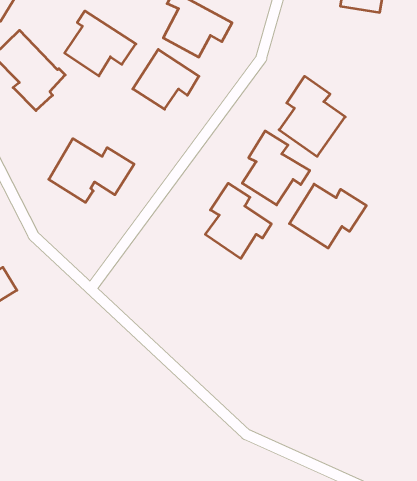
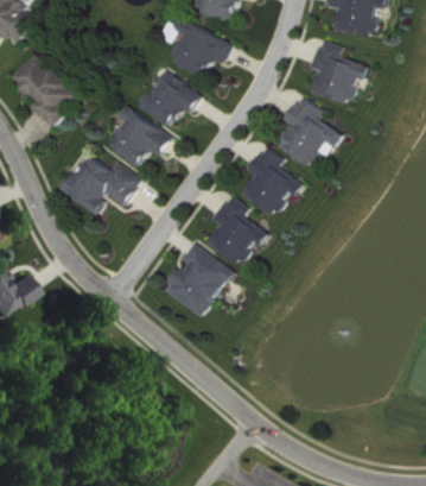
building: [65,11,136,76] -> [106,106,172,166]
building: none -> [310,38,368,103]
building: [289,184,366,248] -> none
building: none -> [164,244,233,316]

